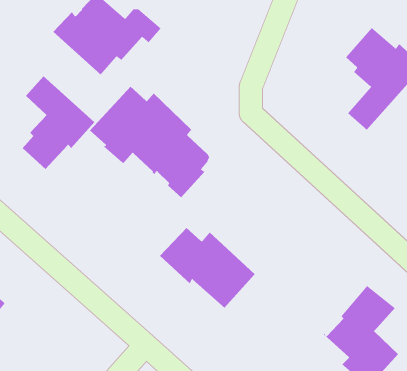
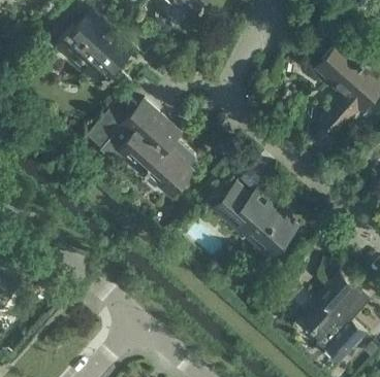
building: [22,76,95,170] -> none
building: [159,227,255,308] -> [211,183,297,256]

